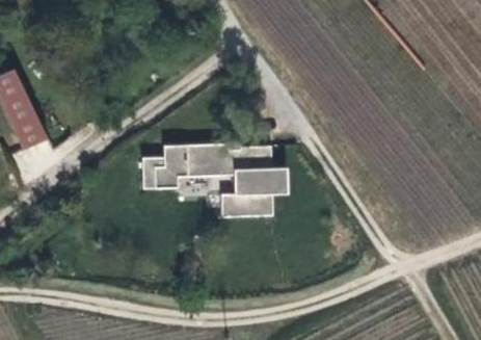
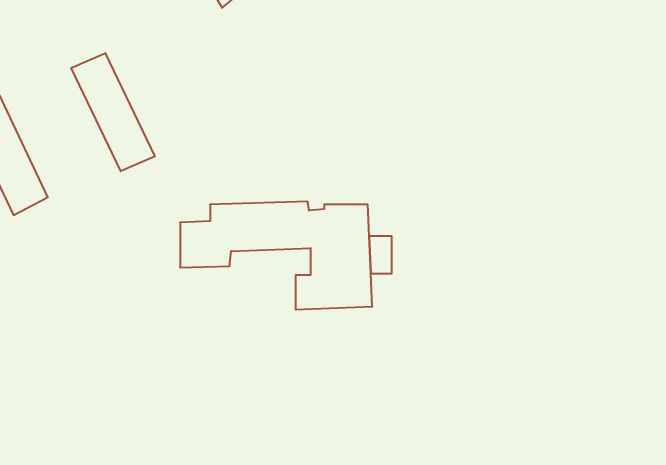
building: none -> [71,53,155,171]

